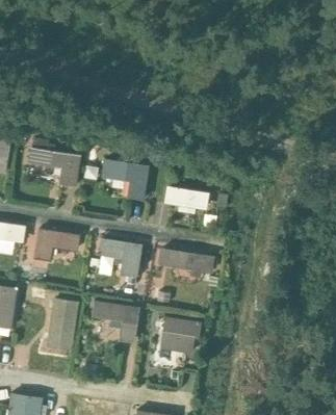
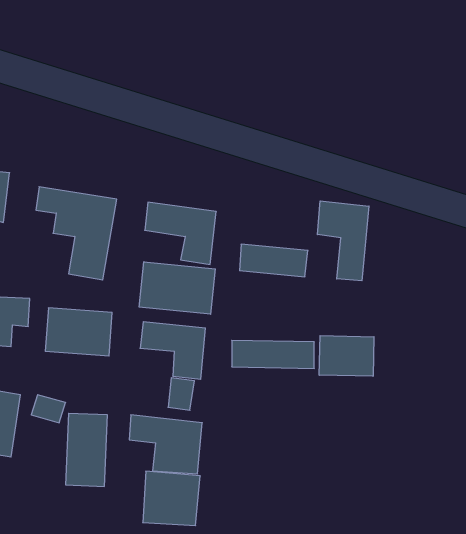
building: none -> [317,201,369,281]
building: none -> [139,262,215,314]
building: none -> [319,336,374,376]
building: [159,316,198,353] -> [143,471,200,526]

